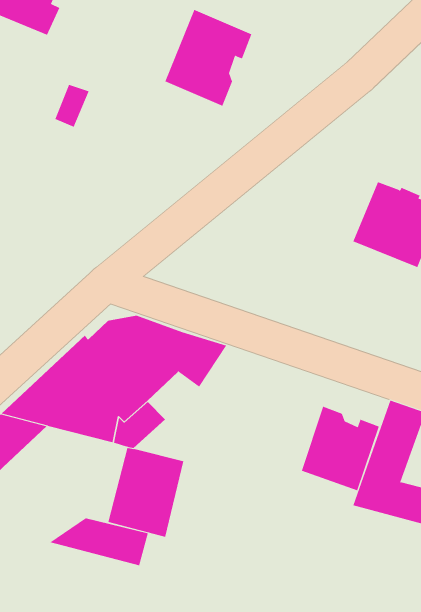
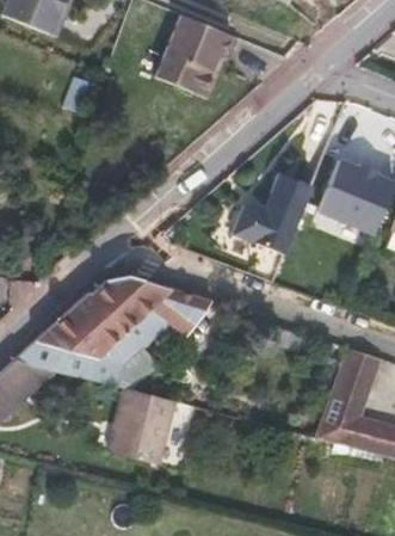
building: none -> [232,172,313,253]
building: [301,406,379,491] -> none
building: [49,517,149,566] -> none

